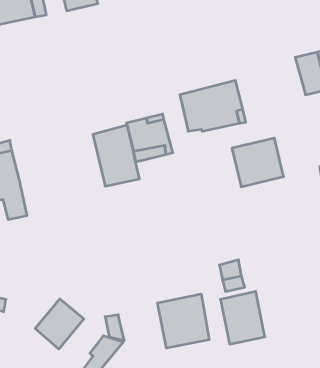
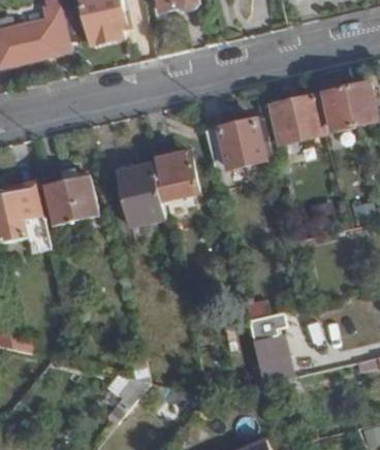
building: [232,138,284,187] -> [270,95,322,144]
building: none -> [46,175,99,226]
building: [158,294,209,348] -> none
building: [35,299,84,349] -> none

